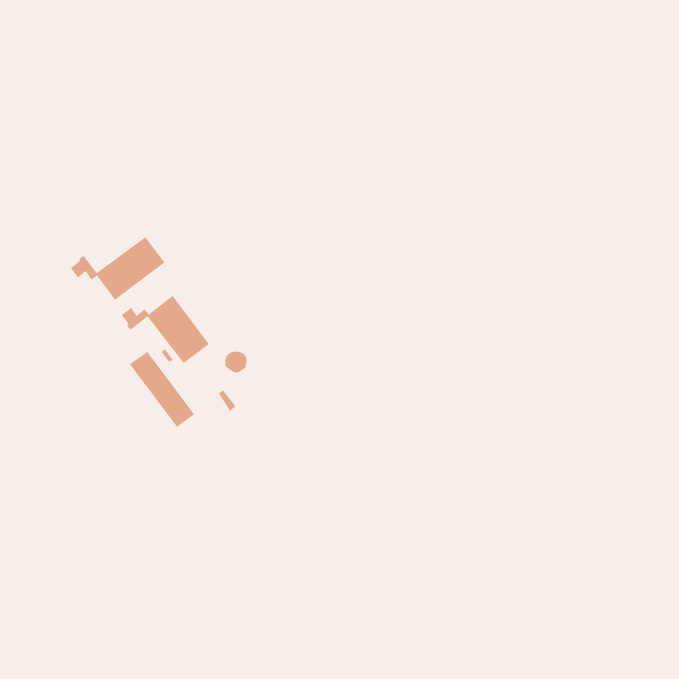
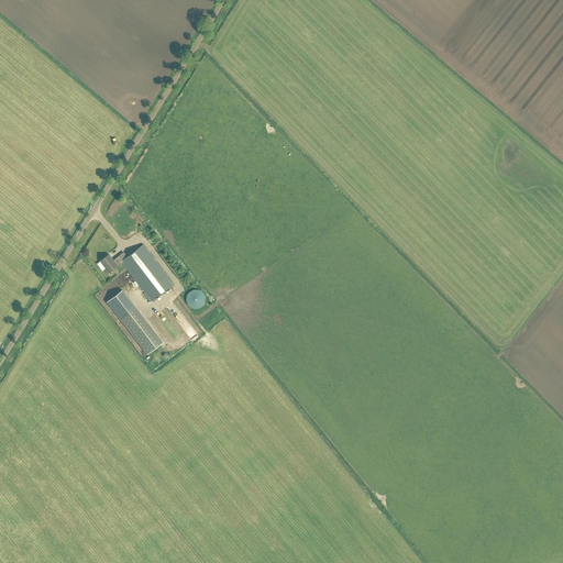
building: [70,236,166,301] -> none

